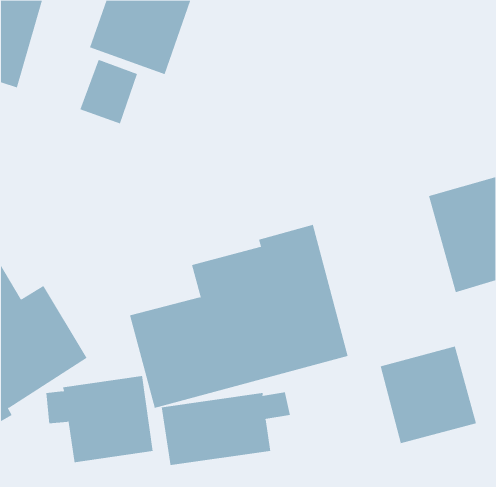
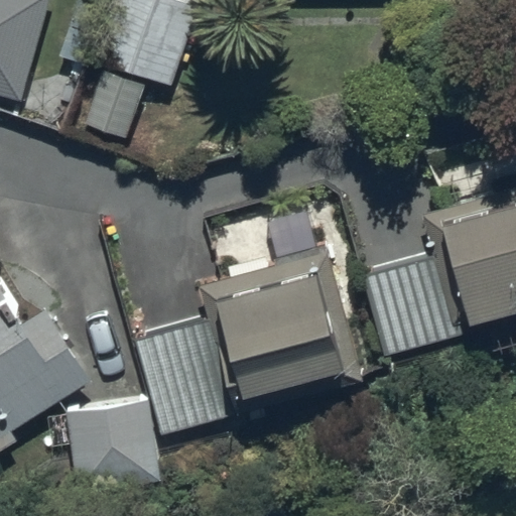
building: [380,346,477,444] -> [363,252,464,354]
building: [161,392,290,466] -> none

